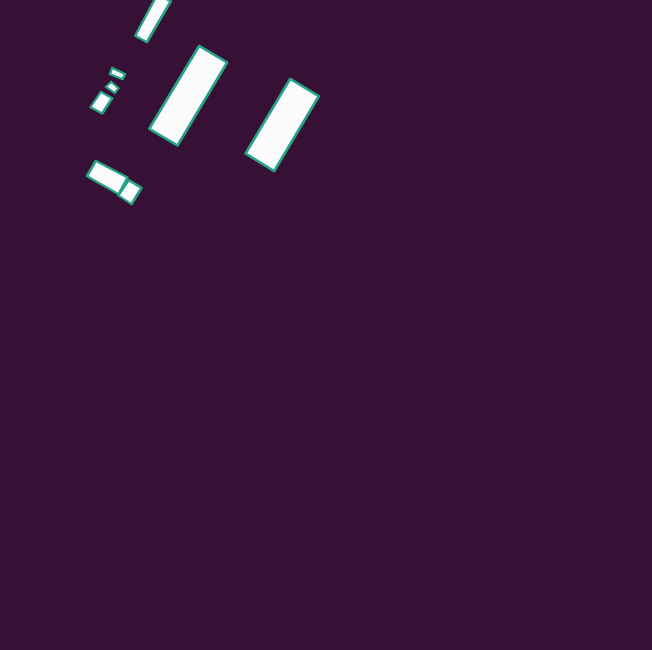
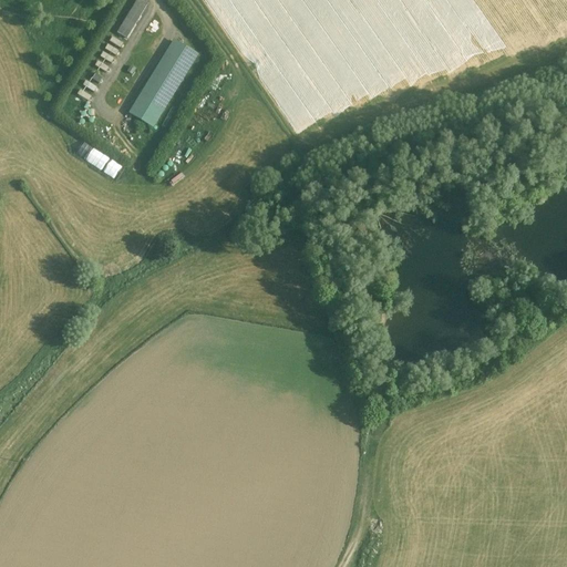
building: [246,79,319,171] -> none

